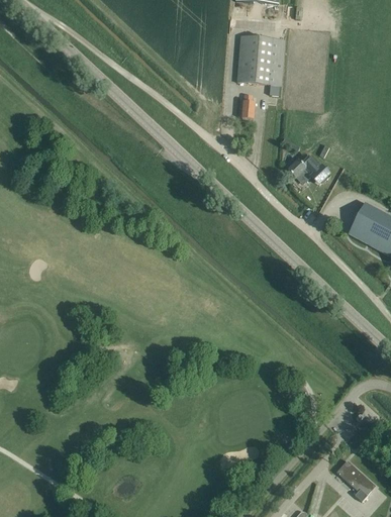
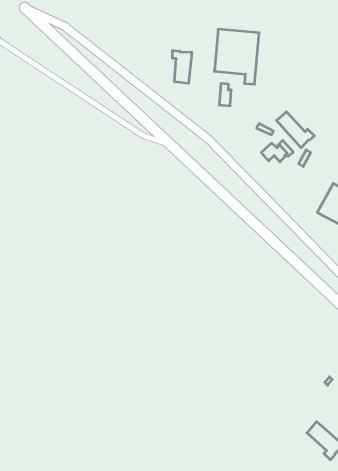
building: none -> [172,50,192,83]
building: none -> [276,112,314,148]

